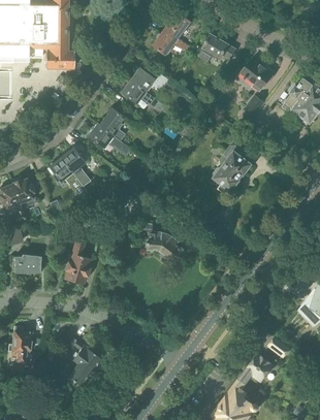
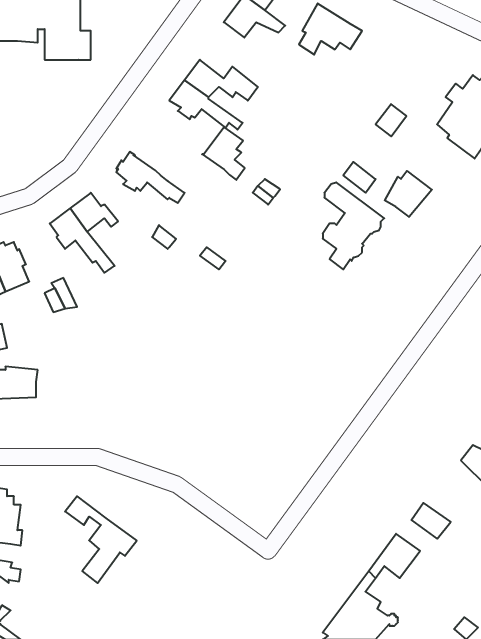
building: [241,58,273,90] -> none
building: [99,108,125,140] -> [202,127,245,180]
building: none -> [385,171,432,217]
building: [133,220,182,262] -> none
building: [64,237,91,284] -> none

